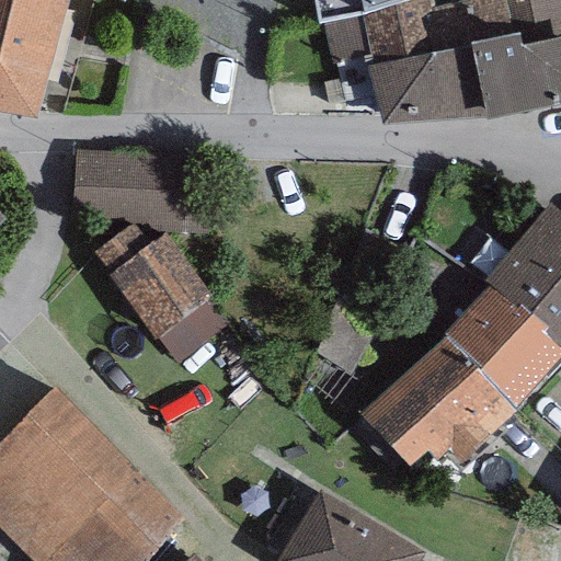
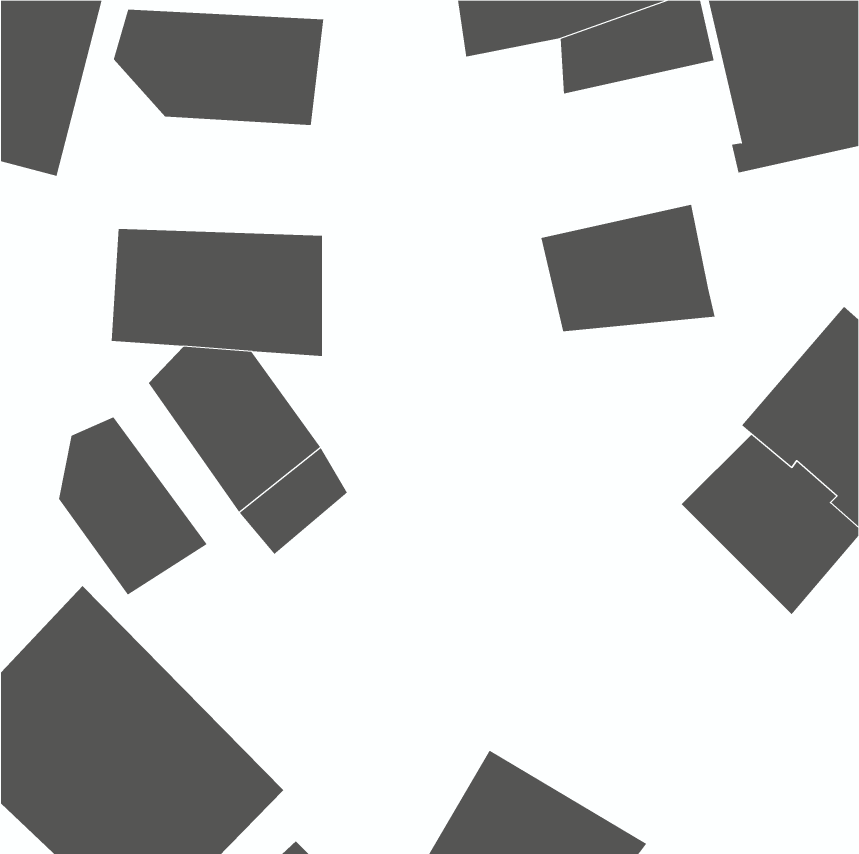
building: none -> [113,9,324,126]
building: [367,43,481,126] -> [541,204,715,332]
building: none -> [59,417,208,596]
building: [362,336,514,465] -> none

